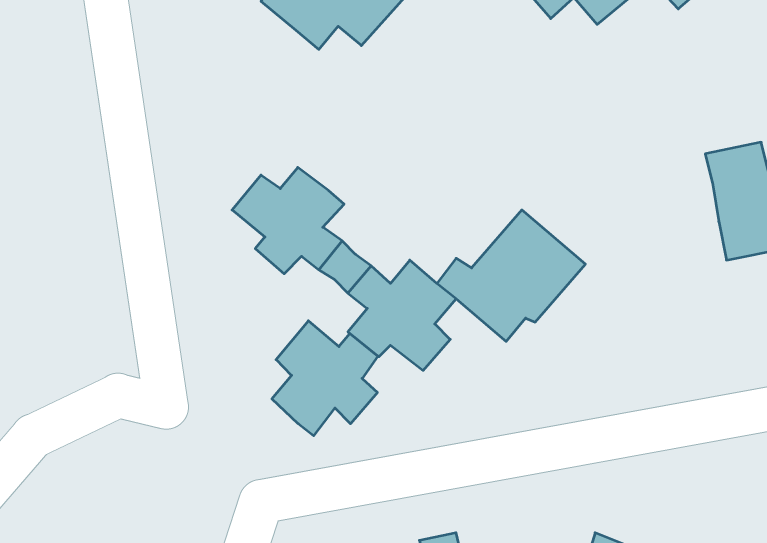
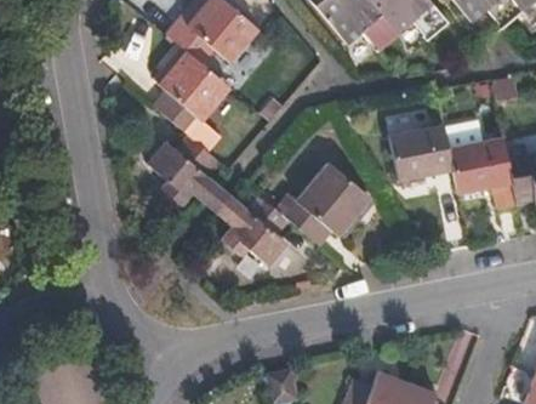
building: none -> [156,52,232,153]
building: none -> [392,125,455,182]
building: [272,321,378,436] -> none

